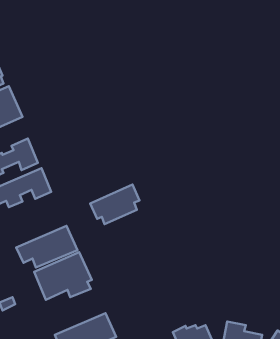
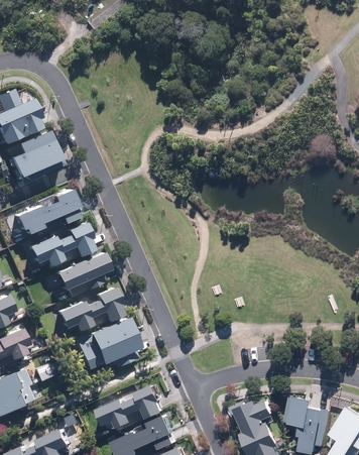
building: [90,184,140,224] -> [53,252,109,297]

